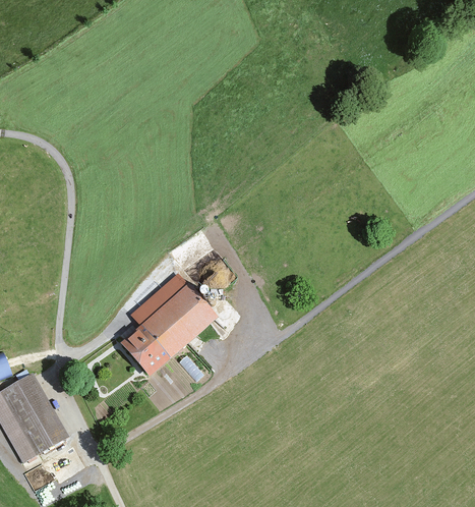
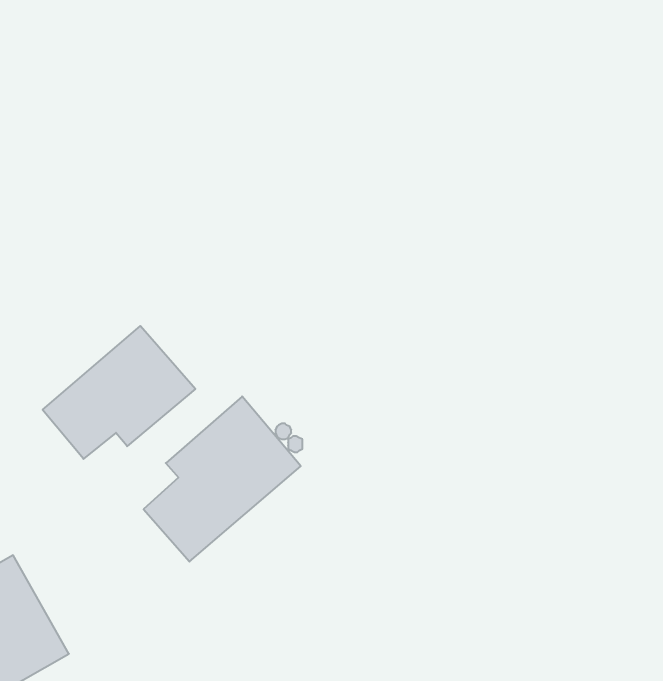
building: none -> [43,326,195,459]

